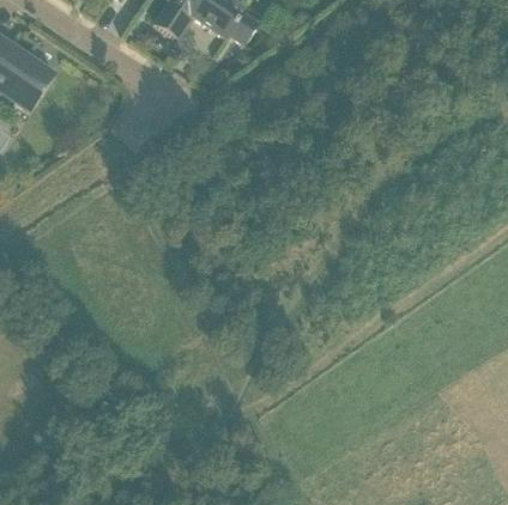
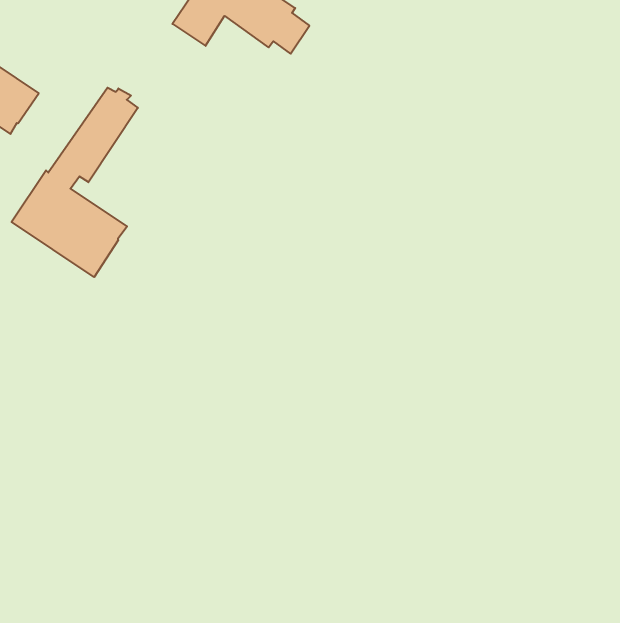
building: none -> [12,88,138,277]

